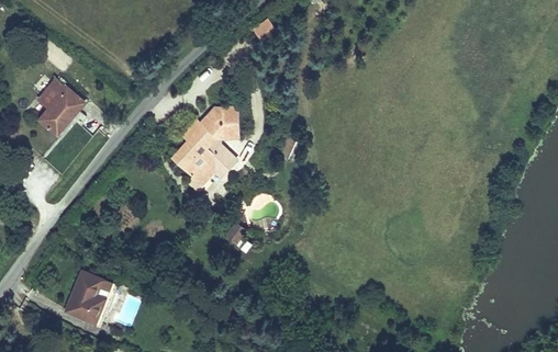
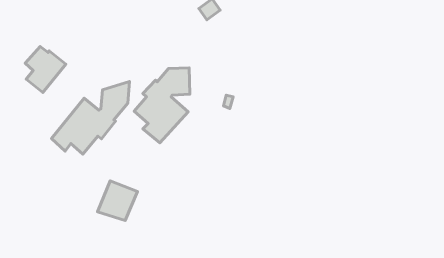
building: none -> [51,82,130,154]
building: [72,277,122,327] -> [98,181,138,221]

